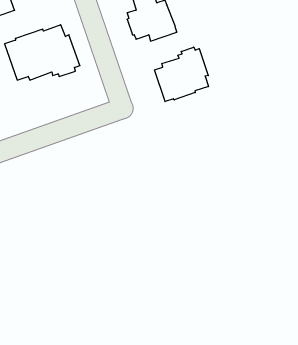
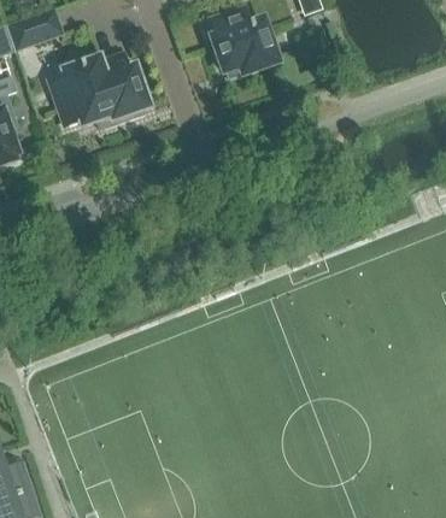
building: [154,47,208,102] -> none

